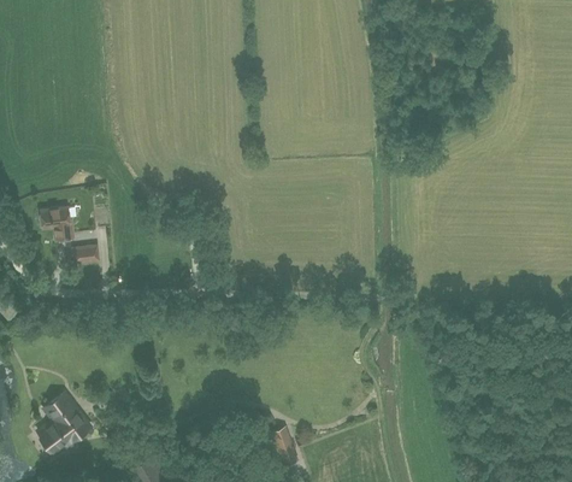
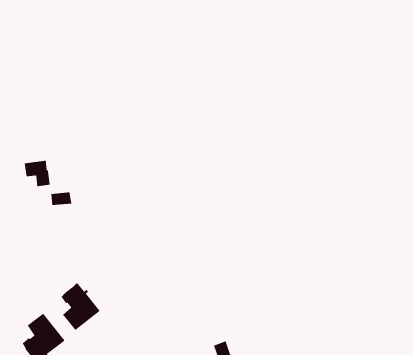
building: none -> [61,282,101,331]

